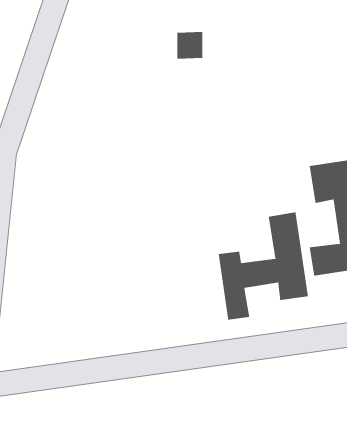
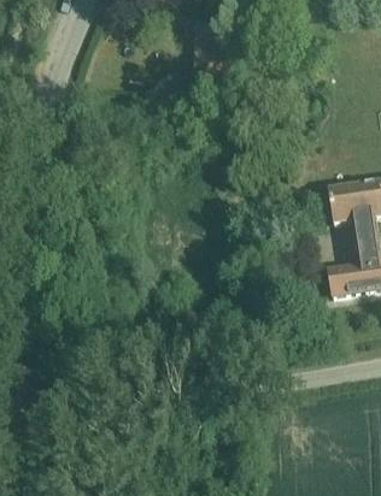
building: [218,211,309,320] -> none

